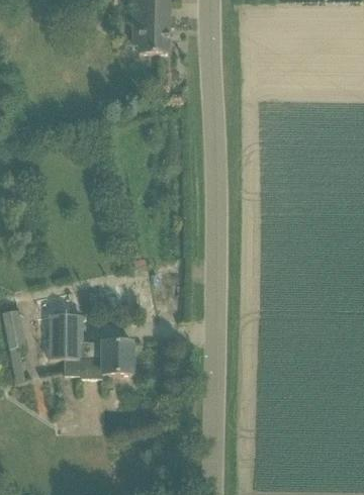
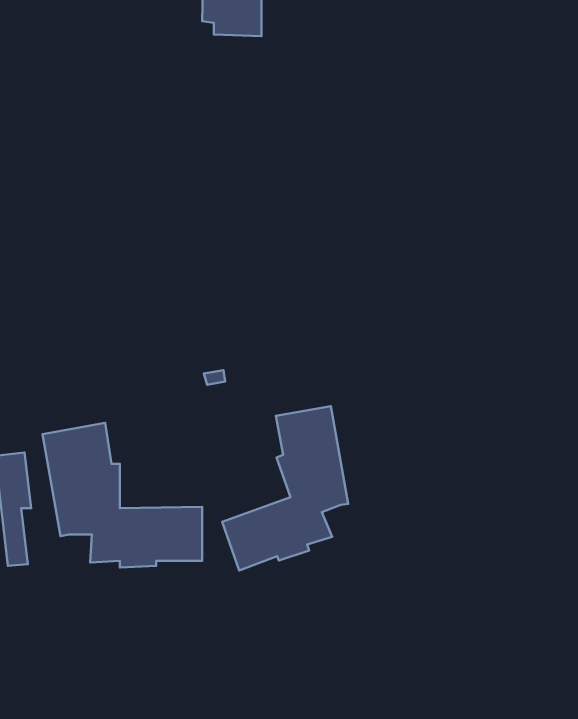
building: none -> [222,406,348,571]

